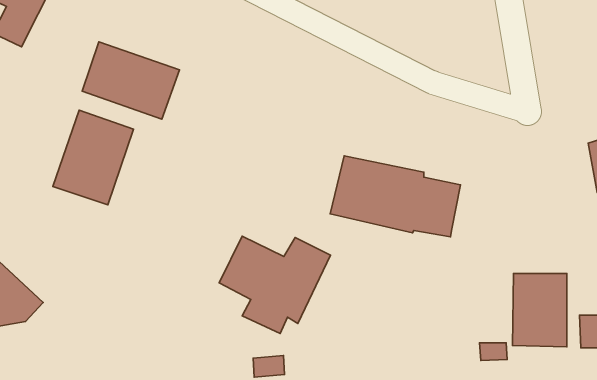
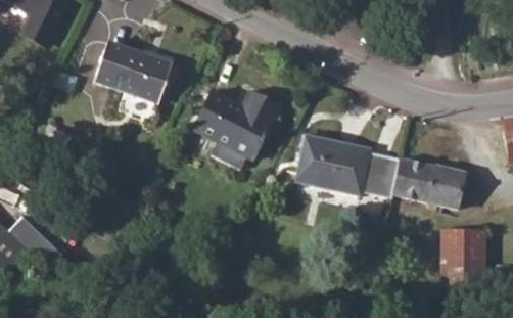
building: [53,110,133,205] -> none
building: none -> [392,157,465,209]
building: [219,236,331,334] -> [191,90,281,169]

